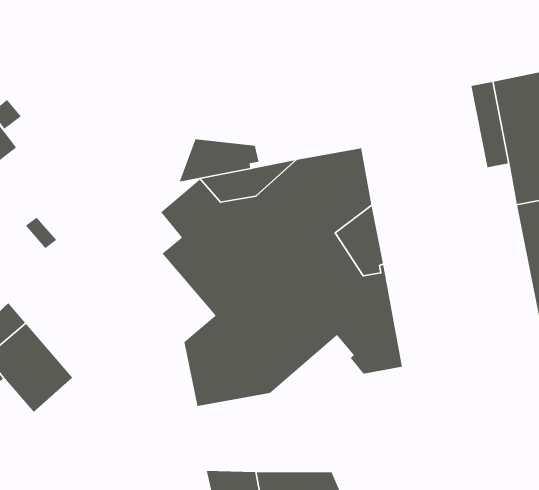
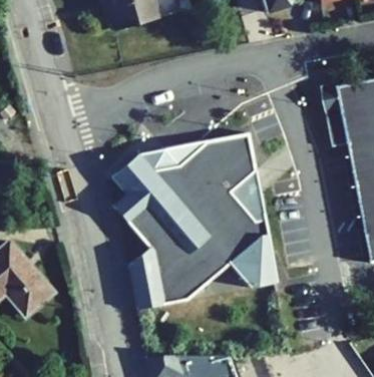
building: [178,138,260,183] -> none

